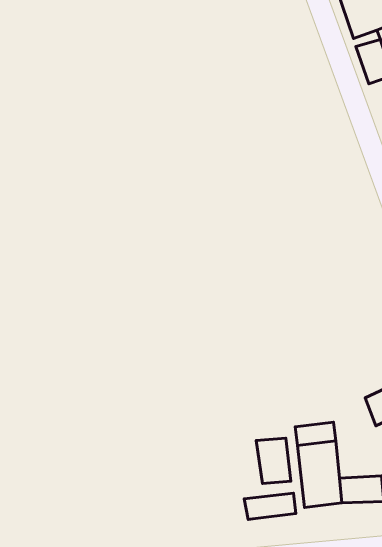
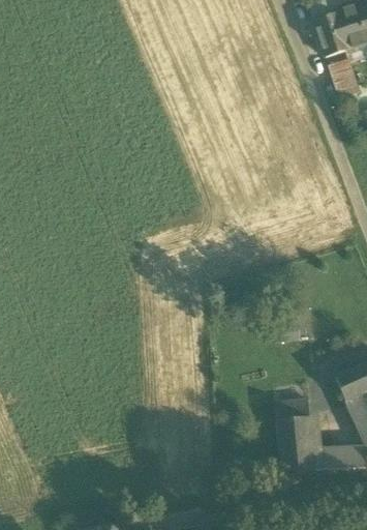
building: [256,438,291,483] -> none
building: [244,493,296,519] -> none

